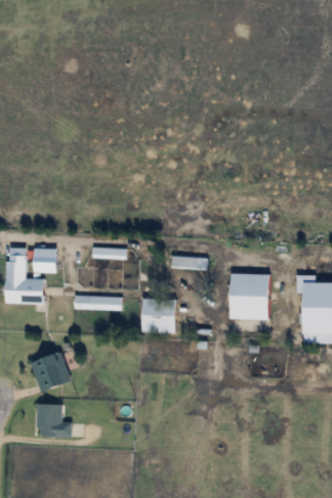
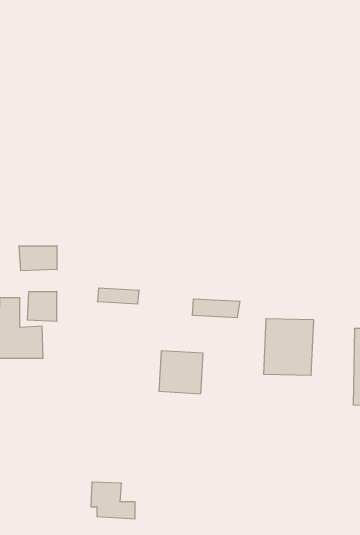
building: none -> [19,246,57,271]
building: [73,296,122,312] -> none
building: [30,352,70,392] -> none
building: [35,406,72,437] -> [91,482,135,519]

